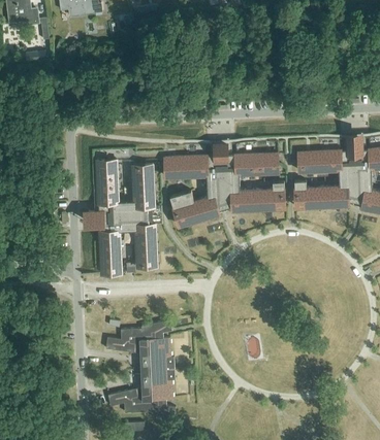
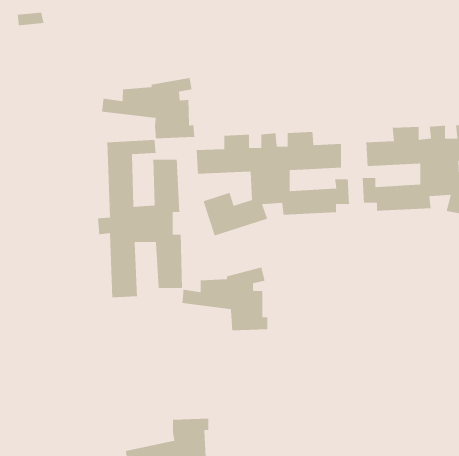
building: none -> [101,77,195,139]
building: [106,319,175,370] -> [181,267,268,331]

